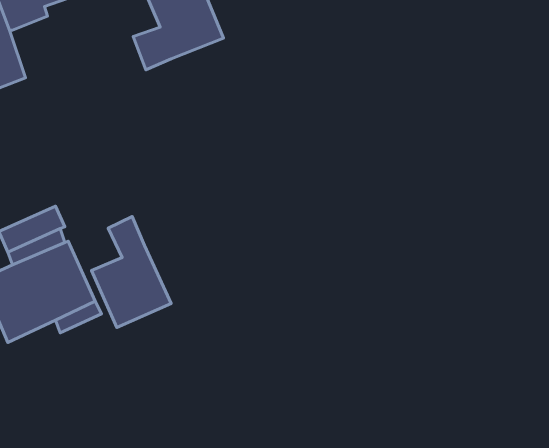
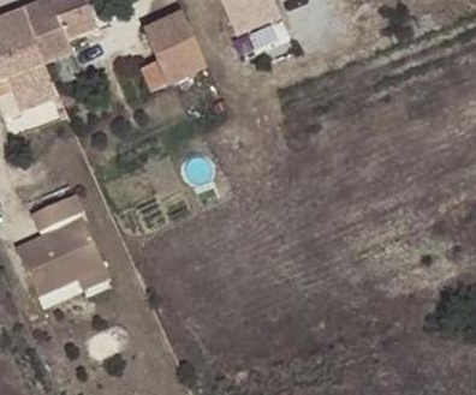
building: [91,216,171,327] -> none

